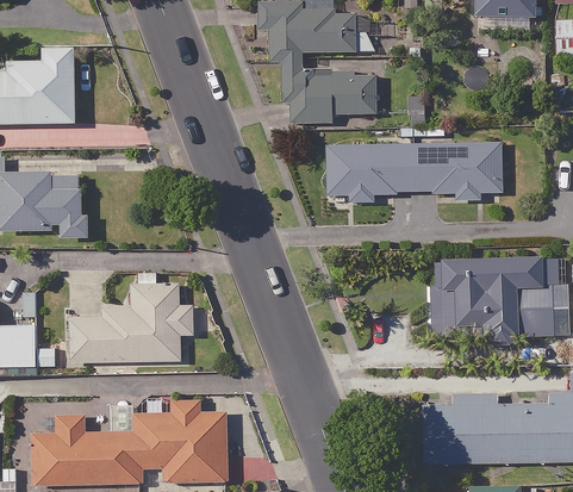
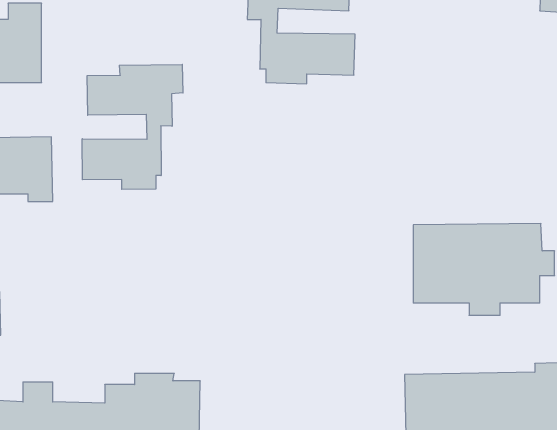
building: none -> [82,64,183,189]
building: [326,141,503,203] -> none
building: [64,273,199,361] -> none

